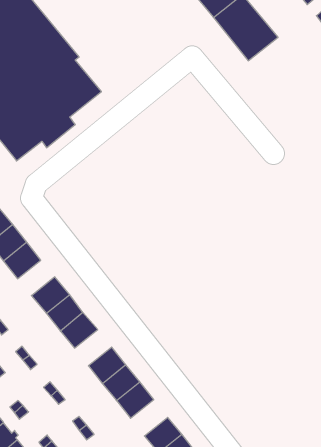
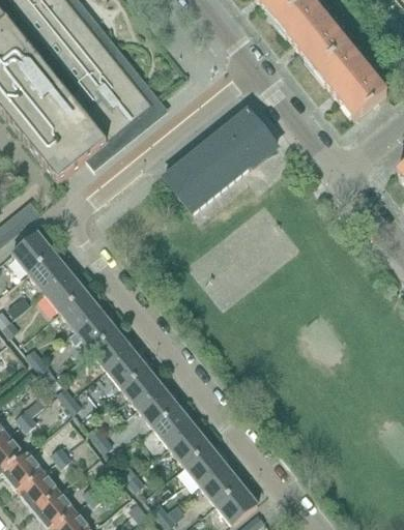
building: none -> [315,45,387,119]
building: none -> [164,110,277,212]
building: none -> [59,291,100,330]
building: none -> [122,367,164,408]
building: none -> [184,445,226,485]

